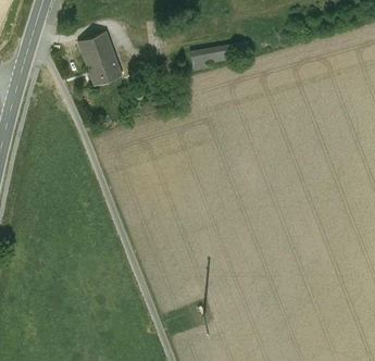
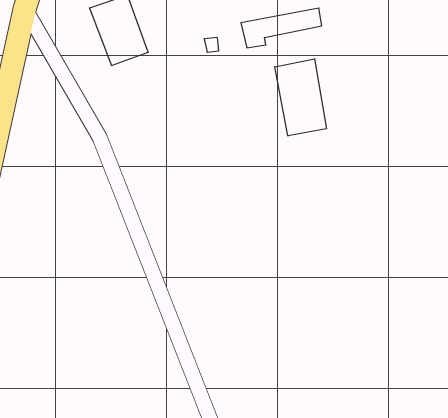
building: none -> [275,59,326,136]

